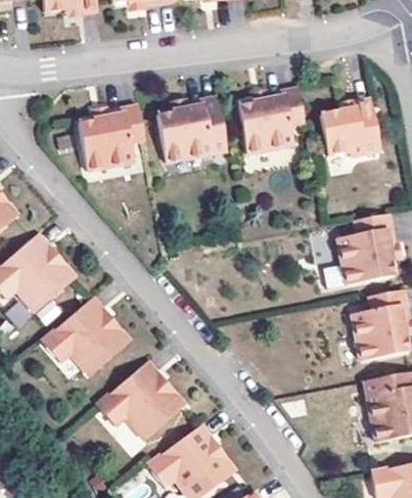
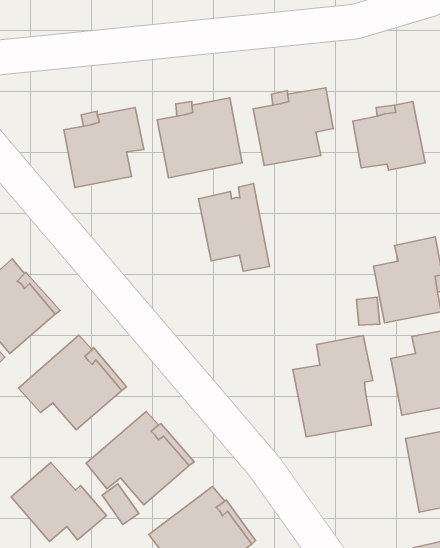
building: none -> [199,184,270,271]
building: none -> [293,335,373,437]
building: none -> [11,462,107,541]

